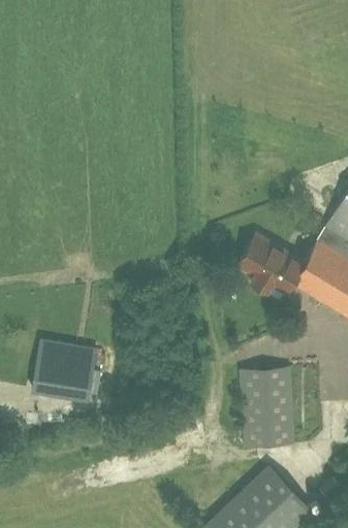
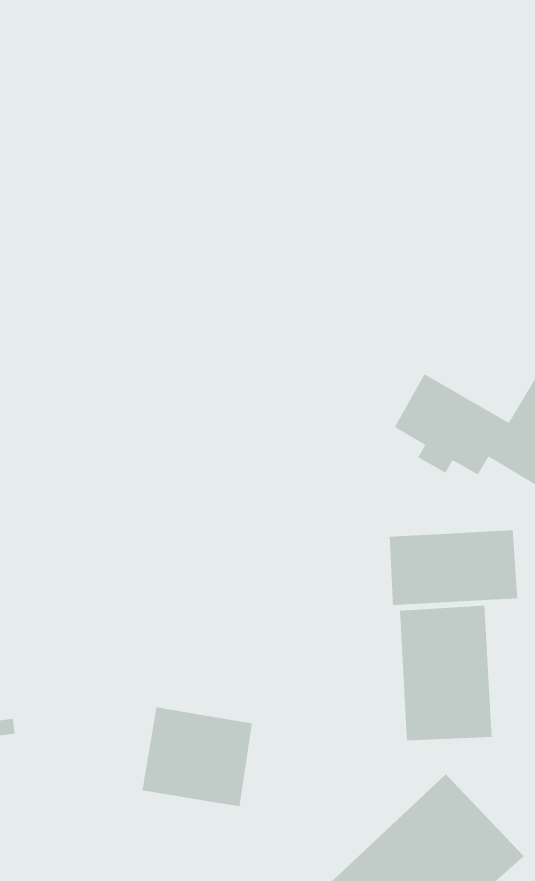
building: none -> [389,529,518,606]
building: [33,340,97,398] -> [142,707,253,807]

